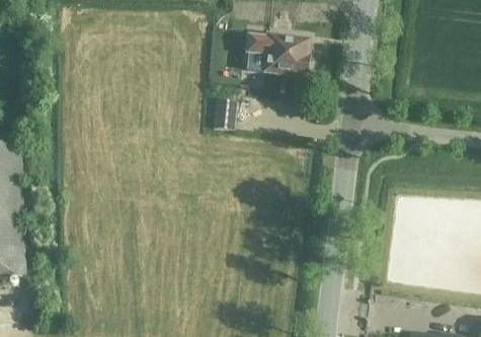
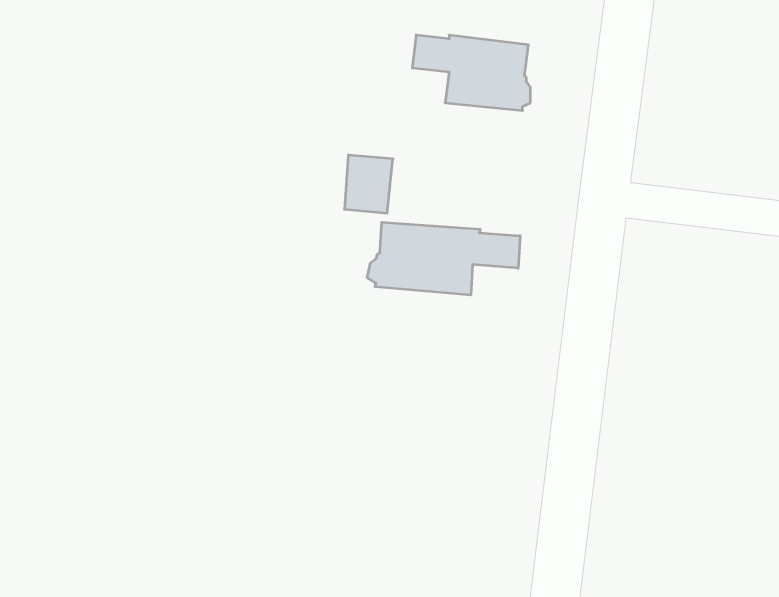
building: none -> [367,222,520,295]

